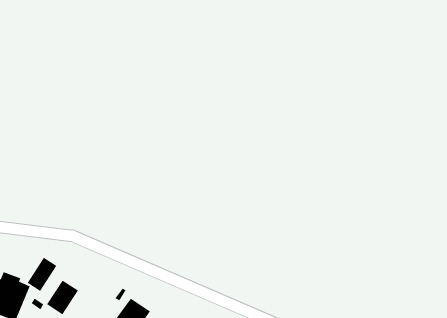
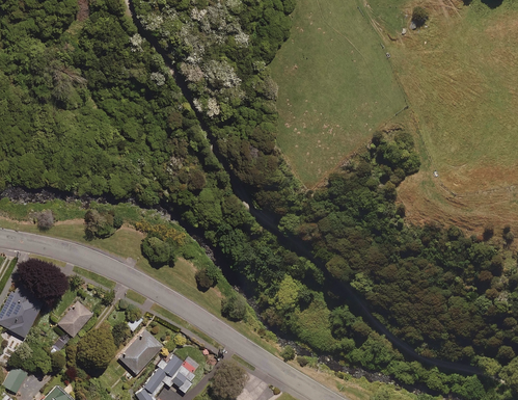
building: [27,257,57,292] -> none

